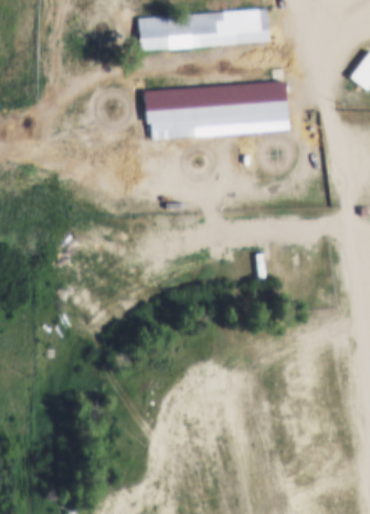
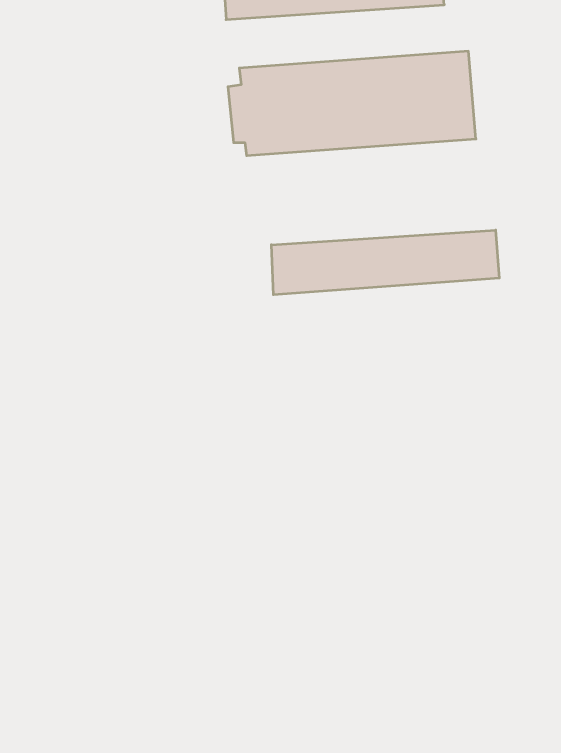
building: none -> [271,230,499,295]

